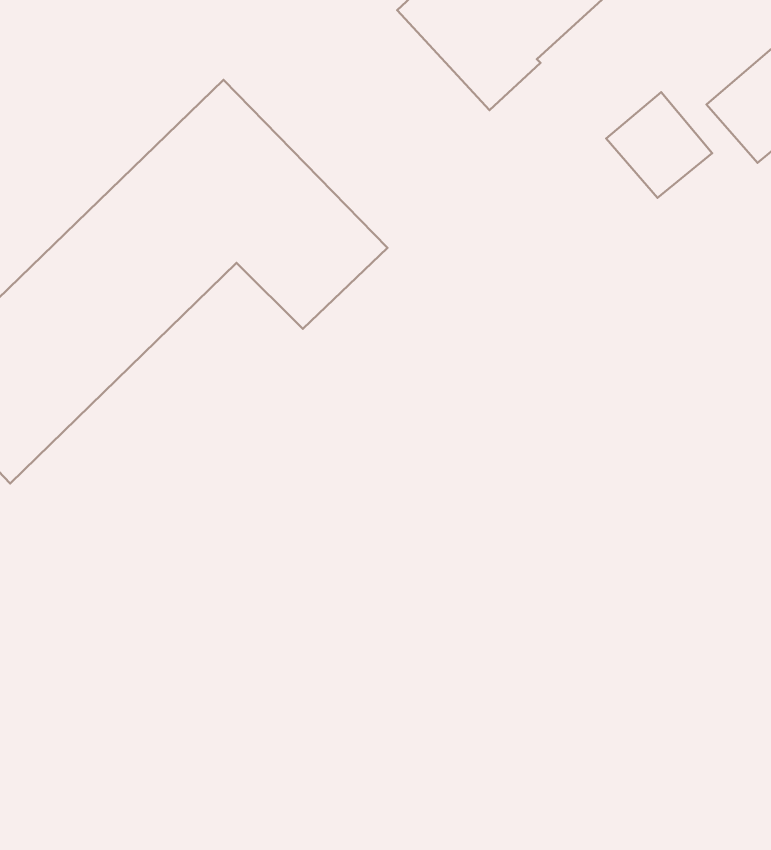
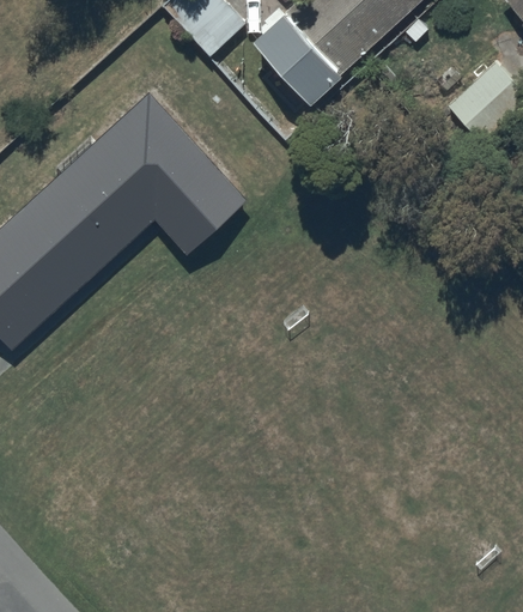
building: [606,92,712,198] -> none

